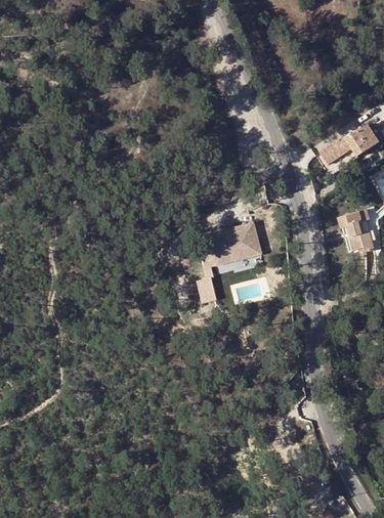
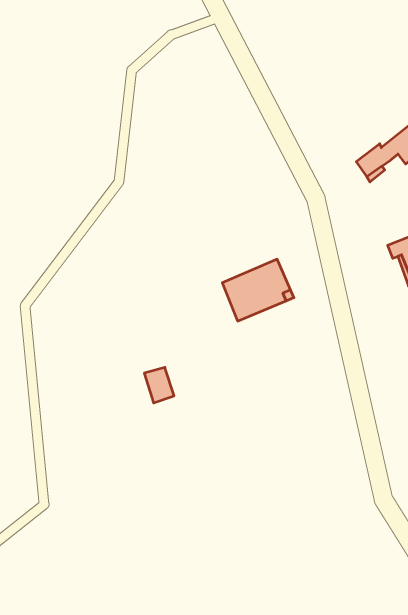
building: [193,277,214,304] -> [144,367,174,403]

